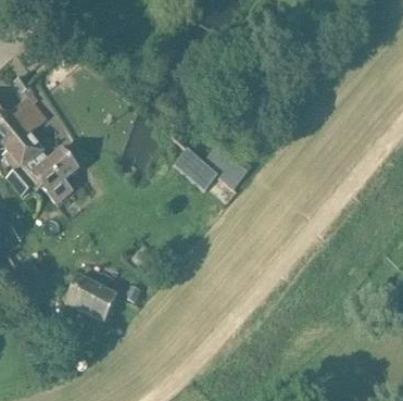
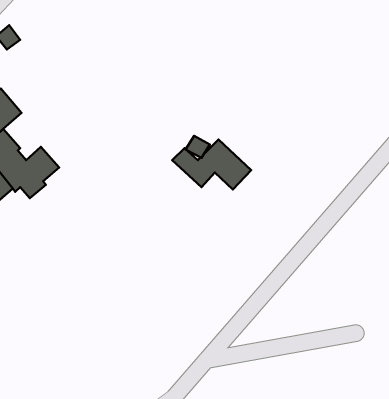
building: [64,275,118,324] -> none

